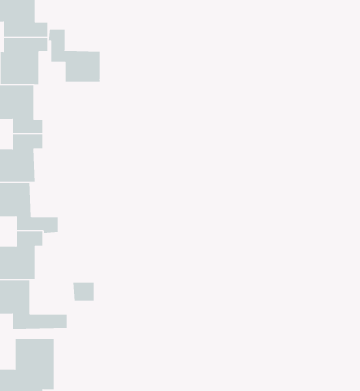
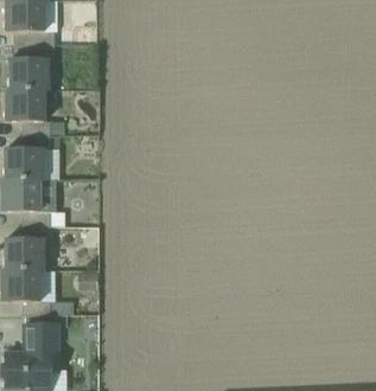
building: [48,29,100,83] -> none

